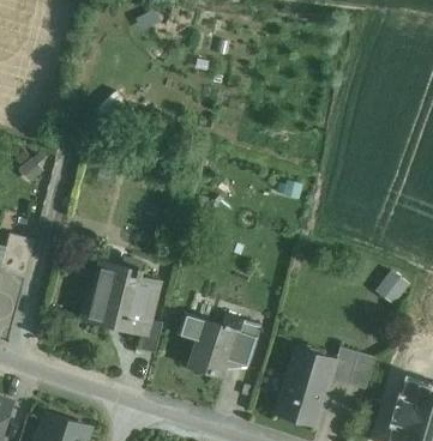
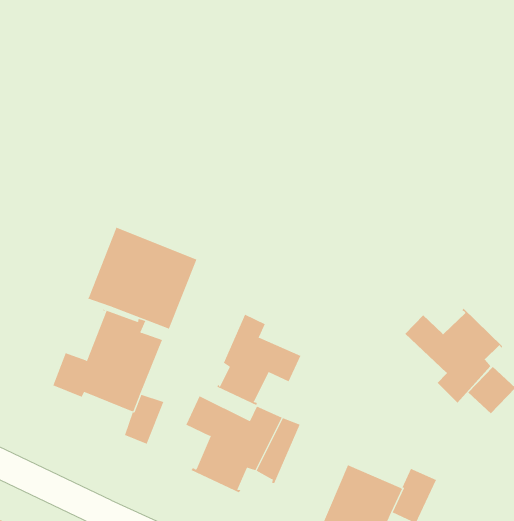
building: none -> [87,227,197,330]
building: none -> [404,308,503,404]
building: none -> [217,314,301,406]

